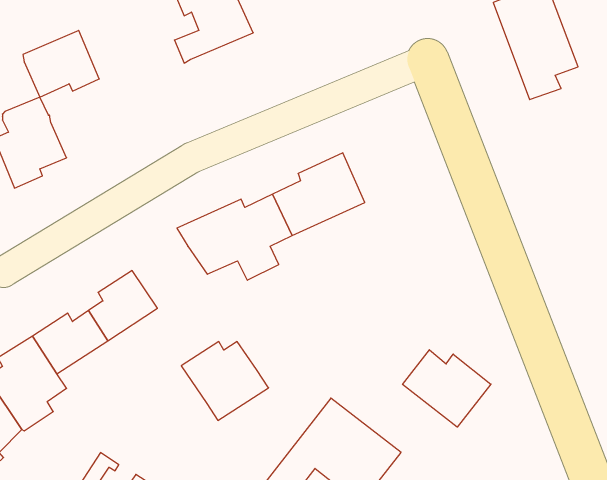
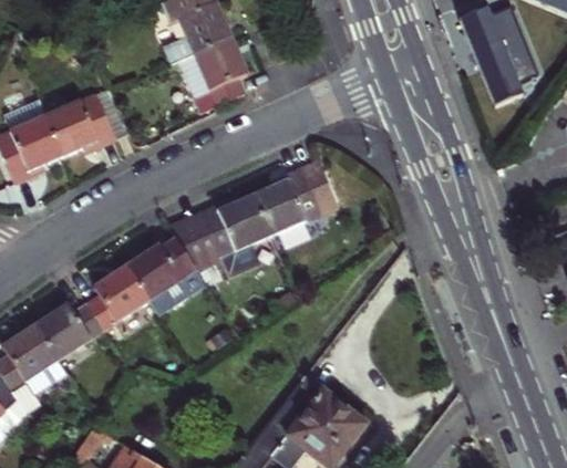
building: [23,30,99,97] -> [51,97,121,158]
building: none -> [179,44,250,117]
building: [181,342,269,420] -> [126,239,206,311]
building: [403,350,491,427] -> none

